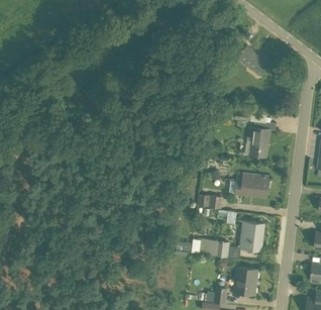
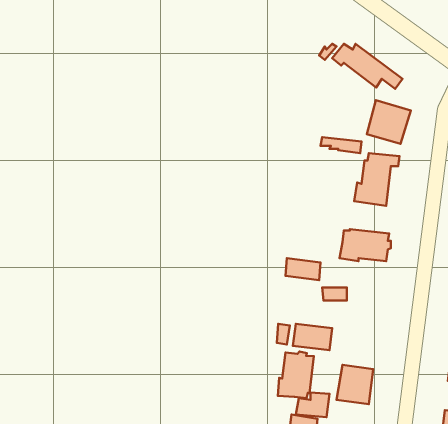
building: none -> [367,100,411,144]
building: [240,221,264,249] -> none
building: none -> [278,352,314,398]

